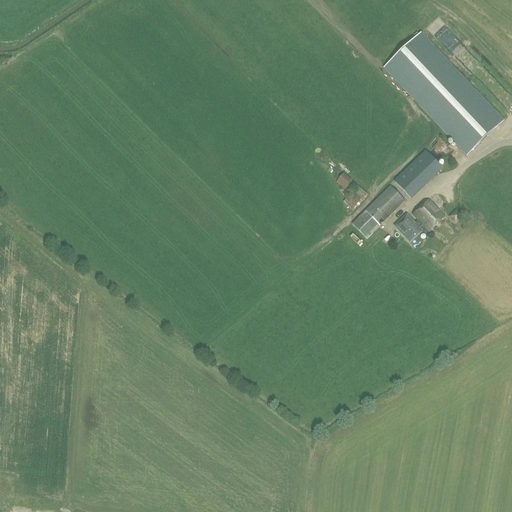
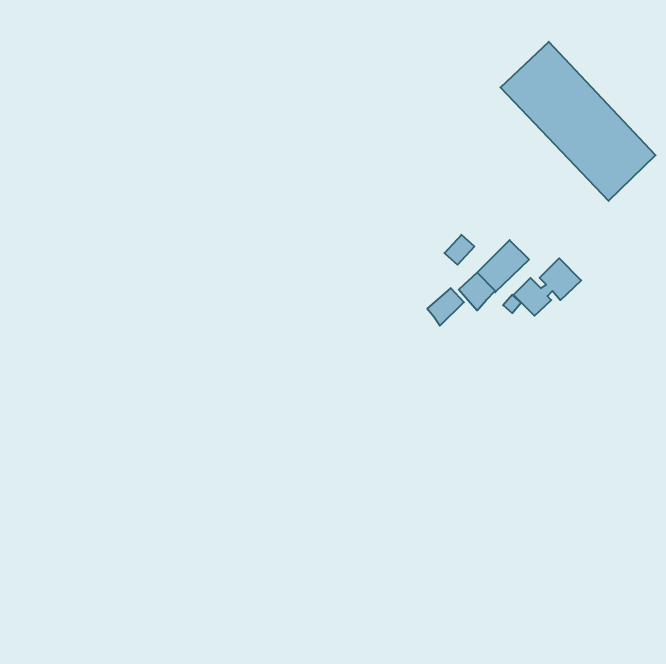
building: [394,149,441,194] -> none
building: none -> [427,288,464,326]

